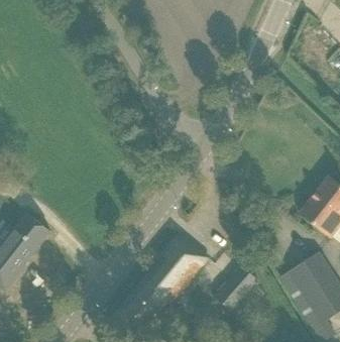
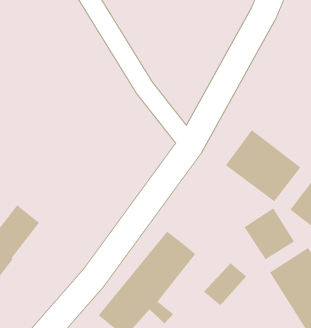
building: none -> [225,129,301,202]
building: none -> [244,207,295,260]

